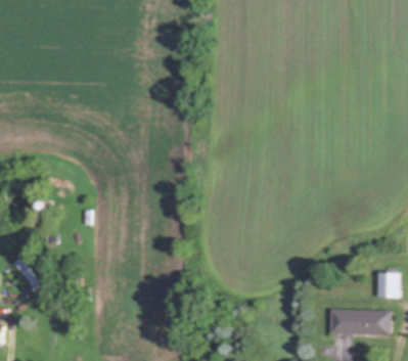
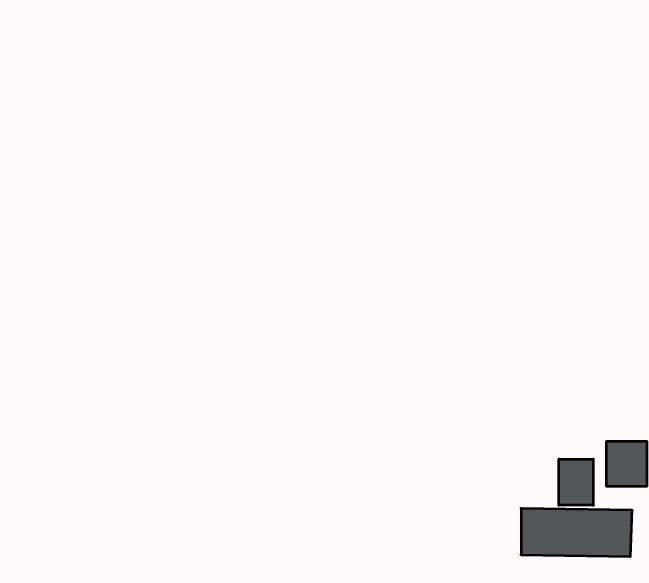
building: none -> [559,459,593,505]

